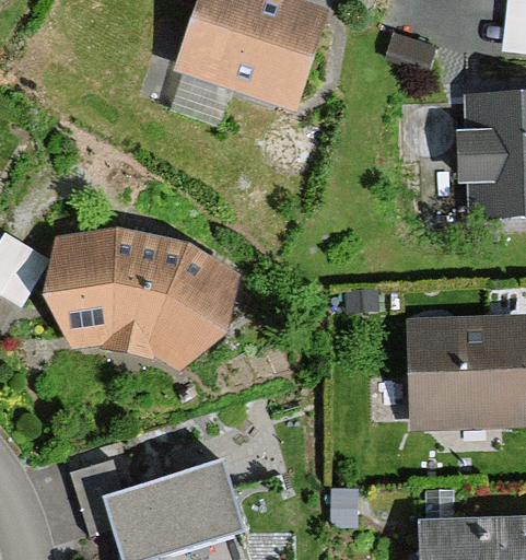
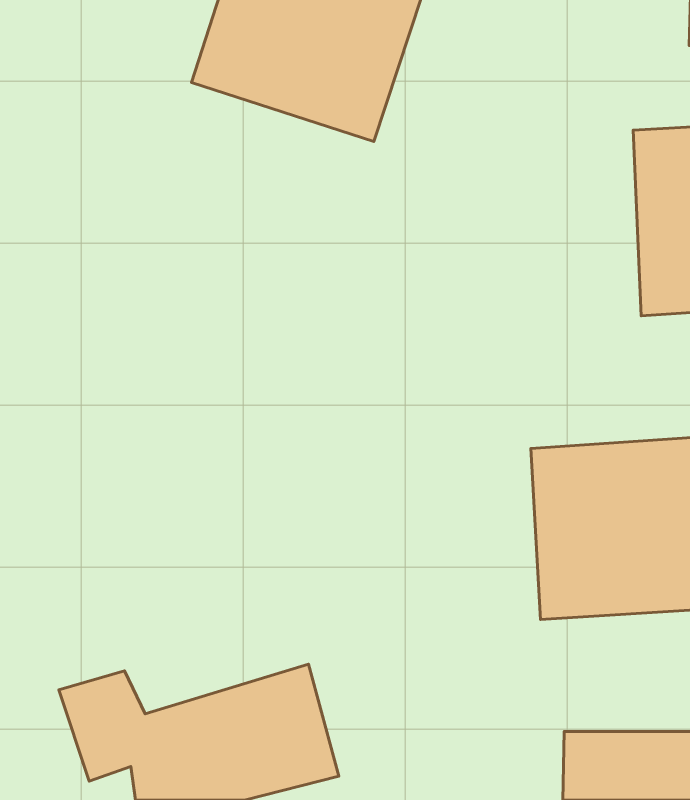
building: [46,222,241,372] -> none

